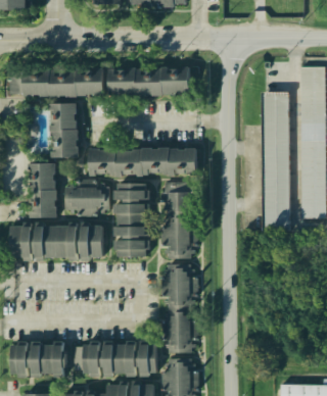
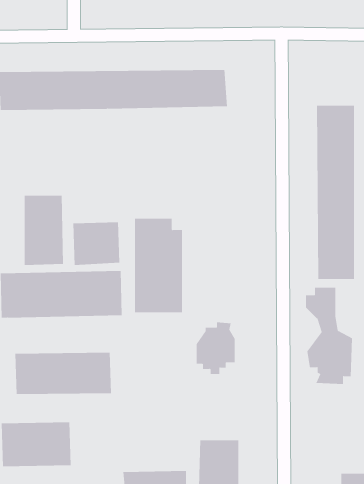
building: [49,103,193,179] -> none
building: [159,183,197,260] -> [305,287,353,384]
building: [161,311,193,351] -> none
building: [79,343,156,377] -> [14,352,112,395]

